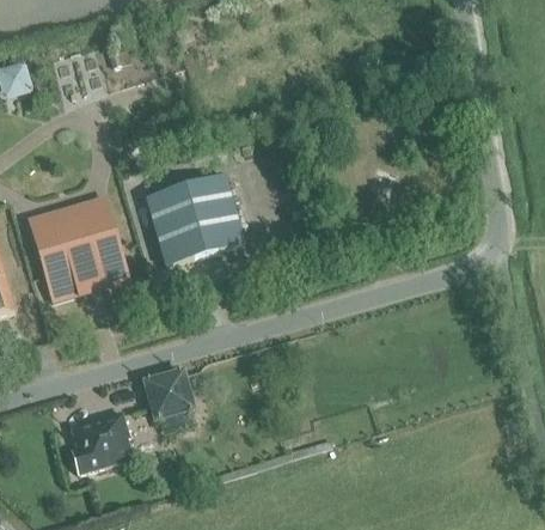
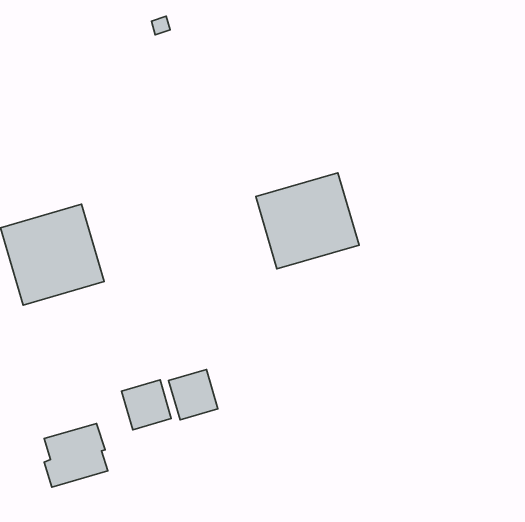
building: [146,171,245,263] -> [256,173,359,269]
building: none -> [169,369,218,420]

